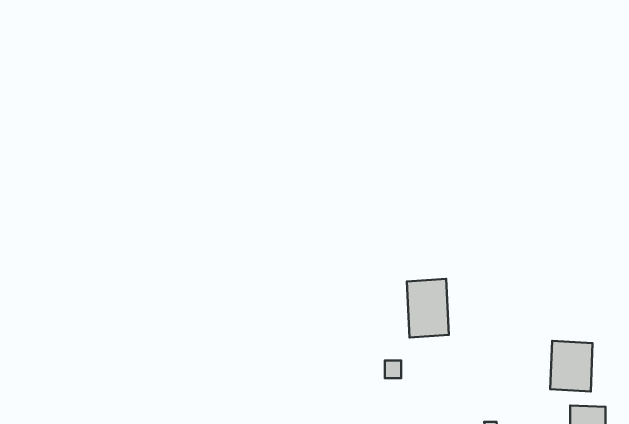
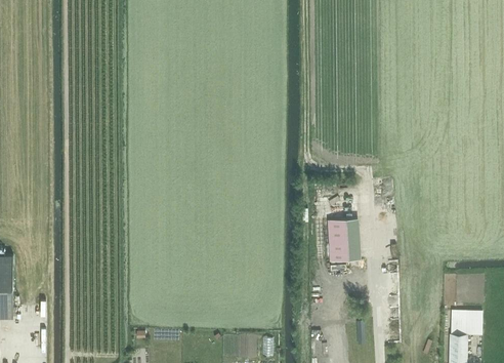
building: [550,341,593,392] -> none

